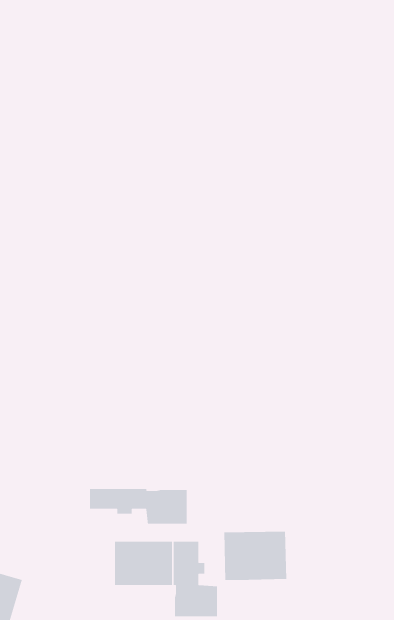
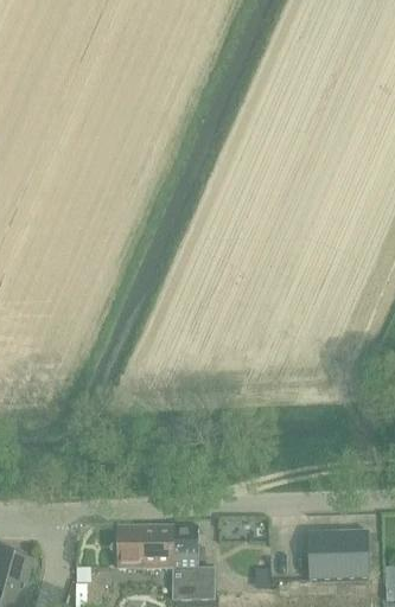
building: [89,488,187,524] -> none
building: [223,531,287,581] -> [308,531,369,579]

